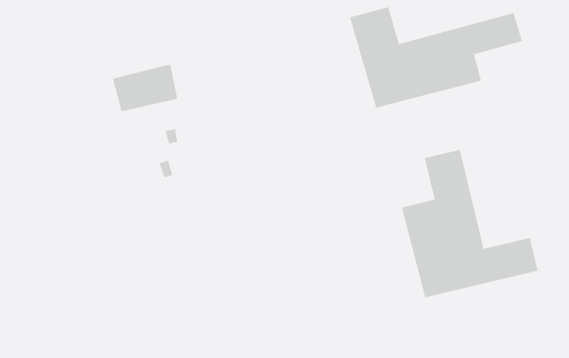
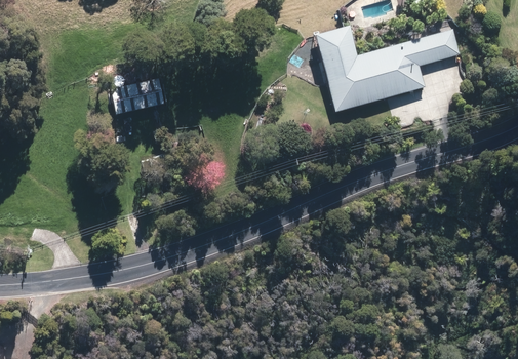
building: [401,149,538,298] -> none

